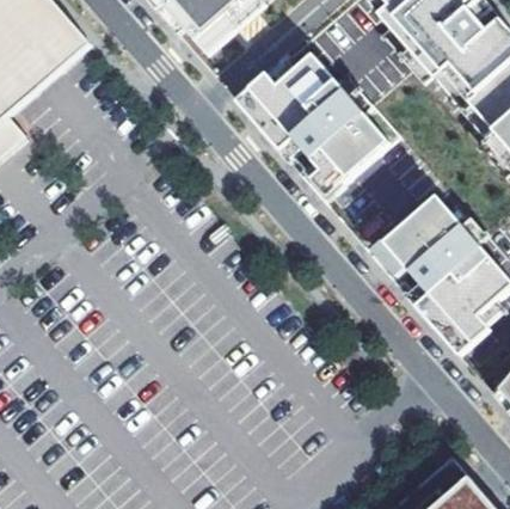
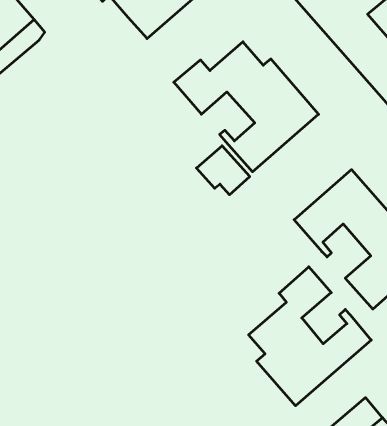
building: [268,109,327,164] -> [196,146,250,195]
building: [404,257,457,318] -> none
building: none -> [249,267,371,406]

